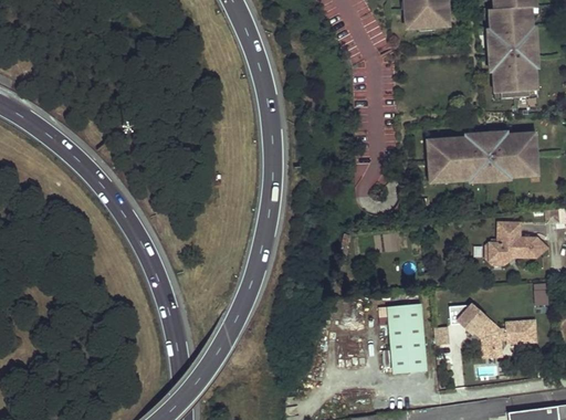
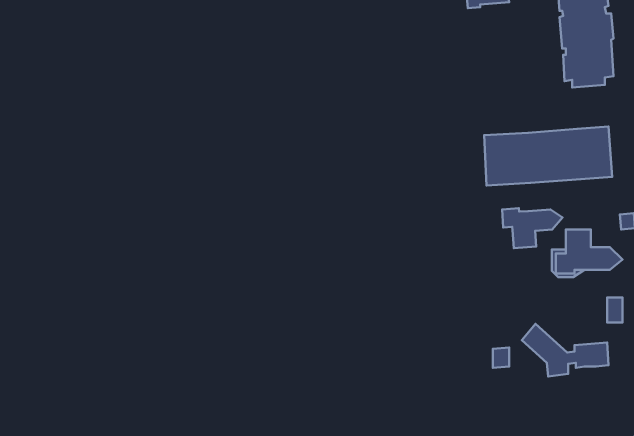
building: none -> [502,208,563,248]
building: [387,304,426,374] -> none

